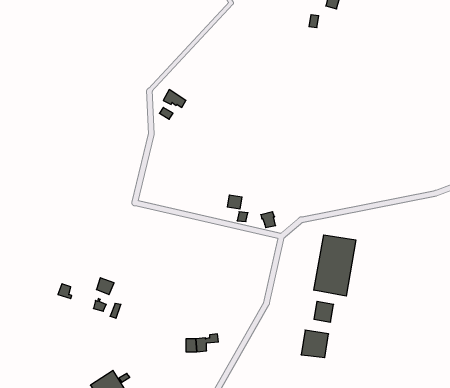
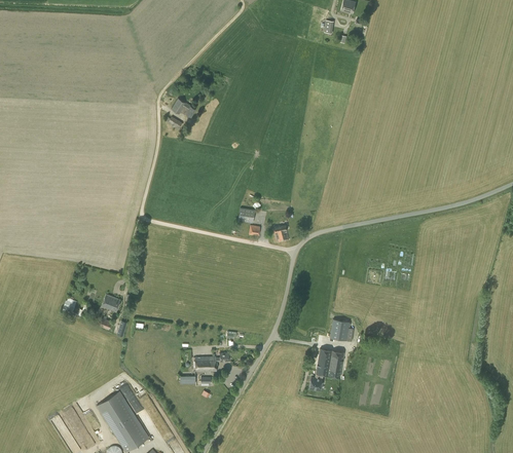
building: [314,235,356,296] -> none

